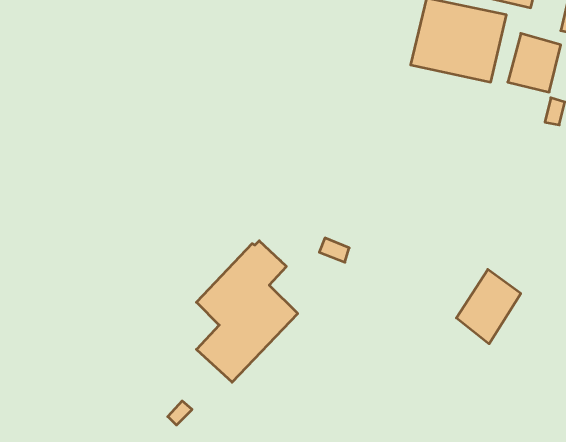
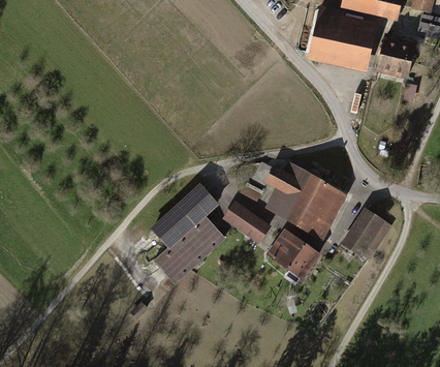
building: none -> [259,160,348,238]
building: none -> [224,202,271,243]
building: none -> [268,228,321,282]

